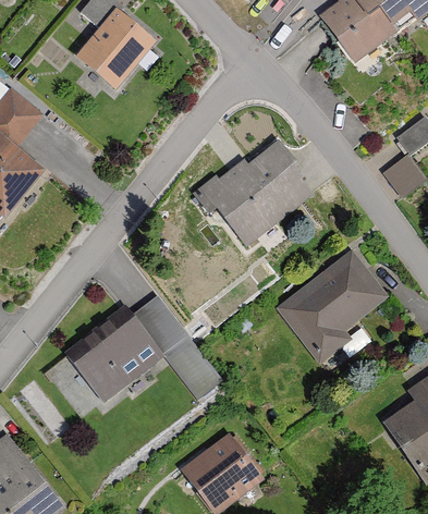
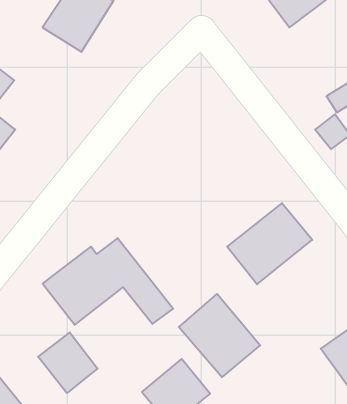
building: [207,150,302,243] -> none
building: none -> [179,294,260,377]
building: none -> [38,332,98,393]

